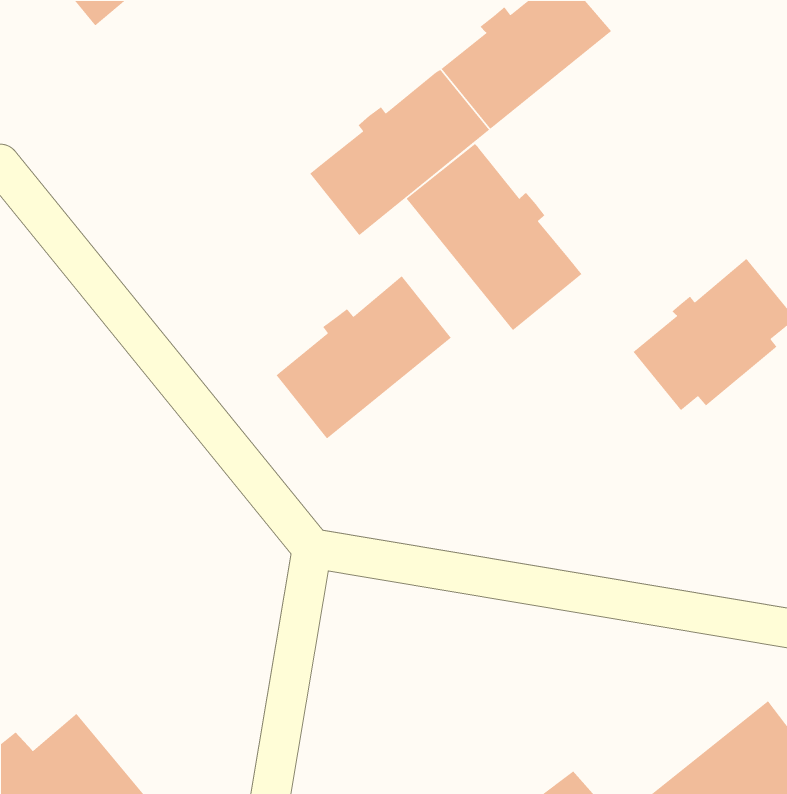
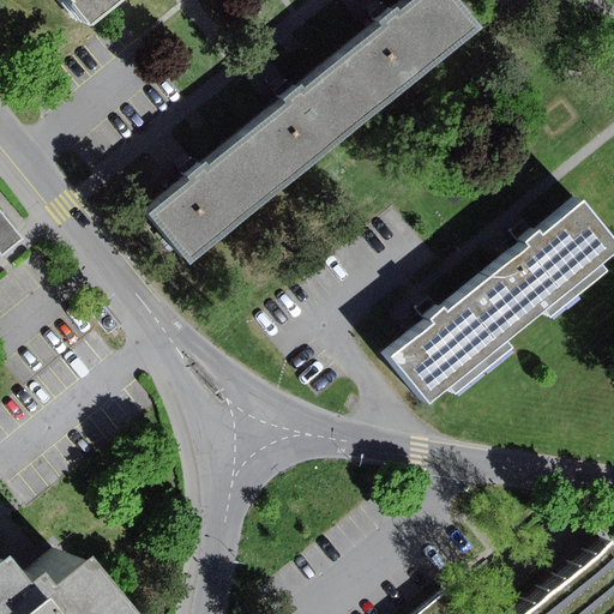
building: [406,143,582,331] -> none
building: [275,275,452,439] -> [149,137,284,263]
building: none -> [393,273,531,401]

